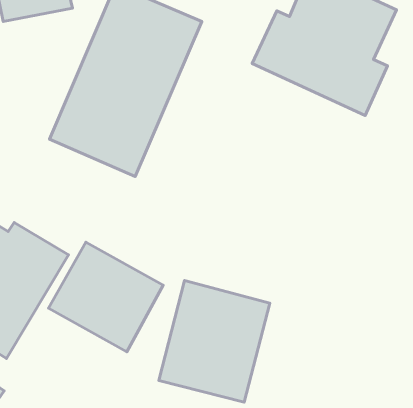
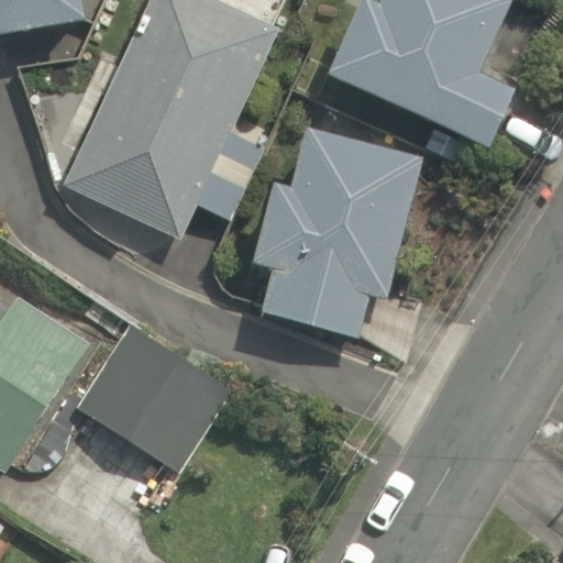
building: none -> [260,136,420,343]
building: [159,280,270,402] -> none

